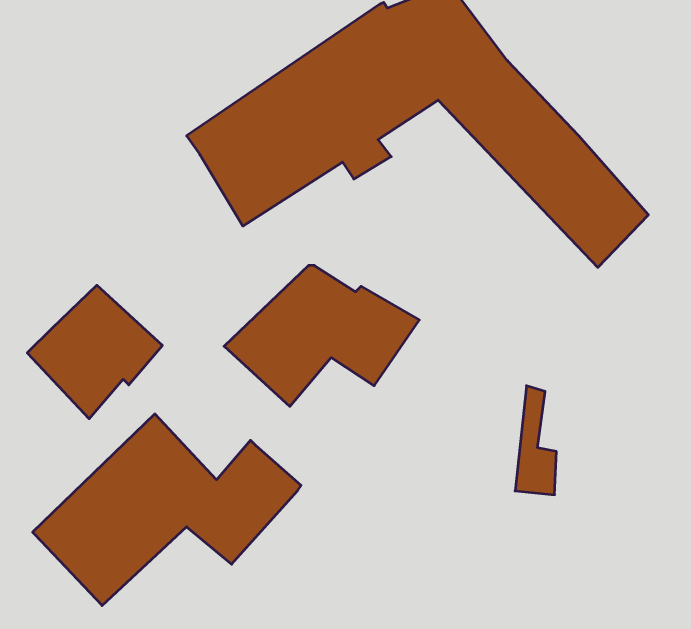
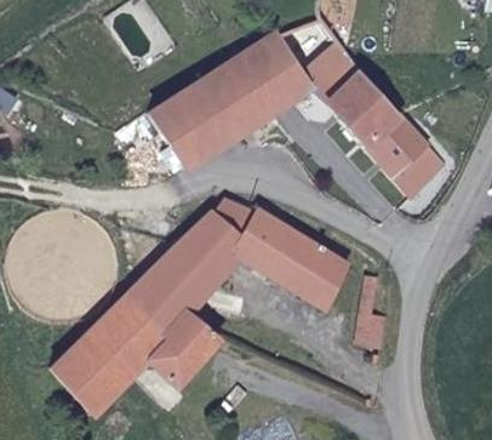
building: [27,285,162,419] -> [127,248,214,335]
building: none -> [269,232,351,308]

